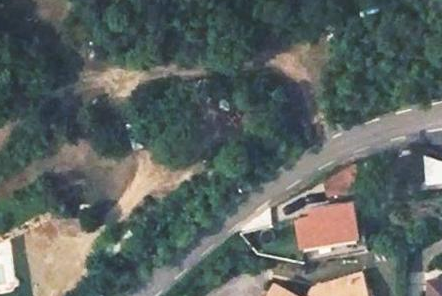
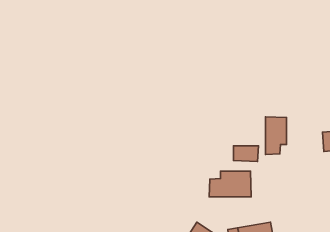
building: none -> [265,117,287,155]

